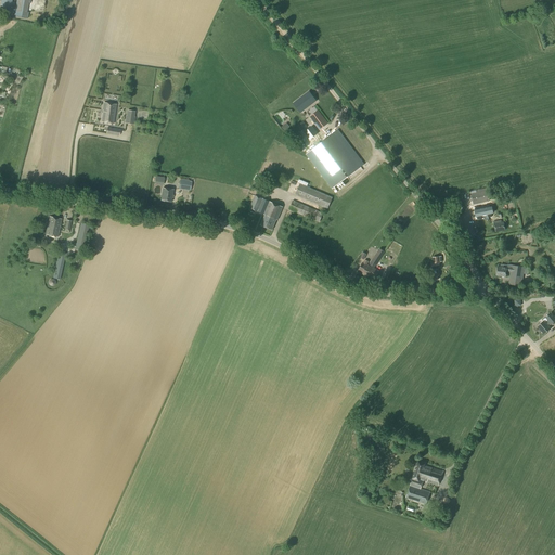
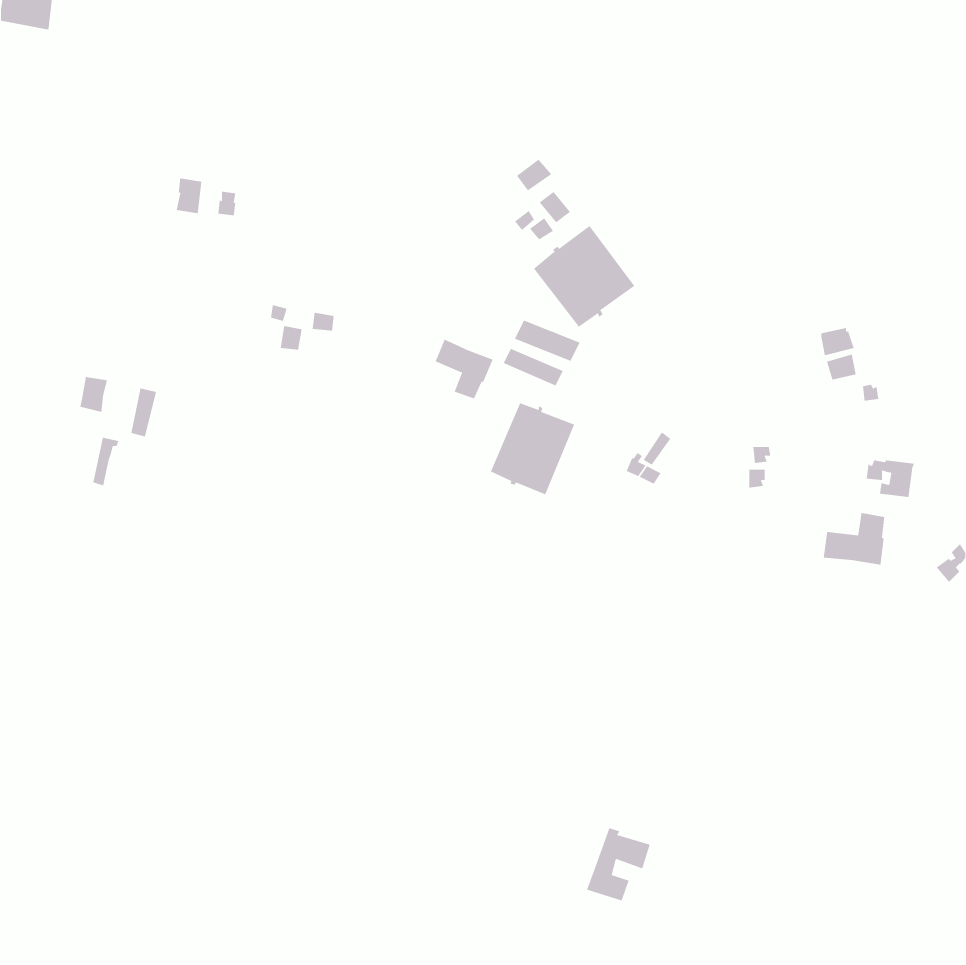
building: none -> [490,403,575,495]
building: none -> [823,512,885,565]
building: [405,461,442,503] -> [586,827,650,901]

